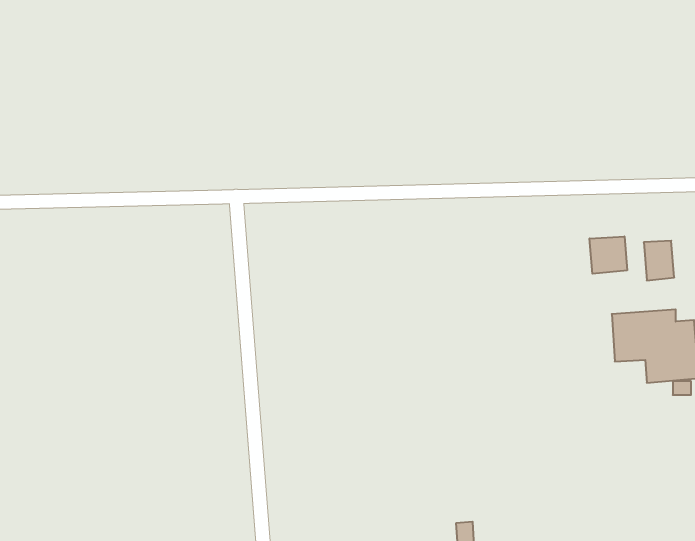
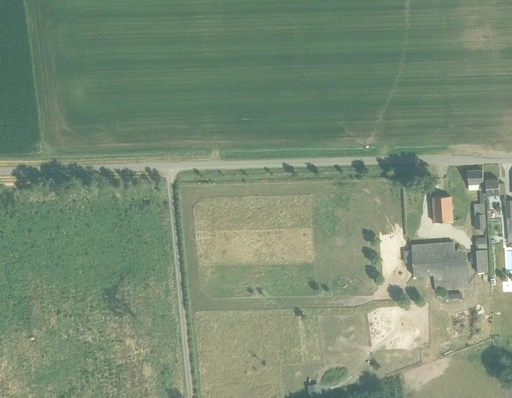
building: [590,236,627,274] -> none

